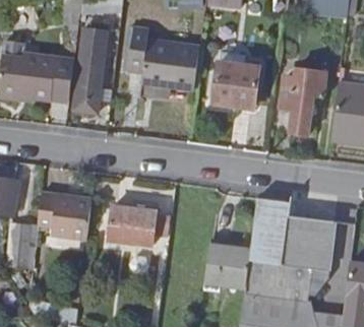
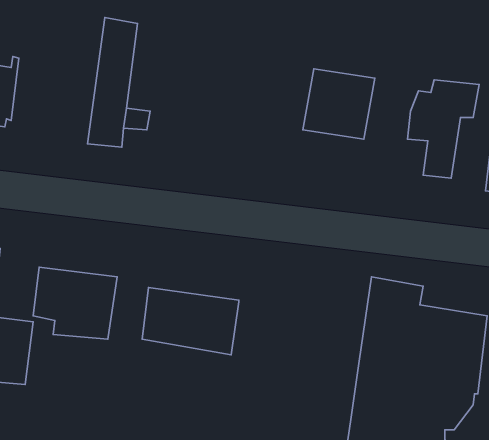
building: [127,27,200,90] -> none
building: [23,55,74,102] -> none
building: [204,246,250,288] -> none

